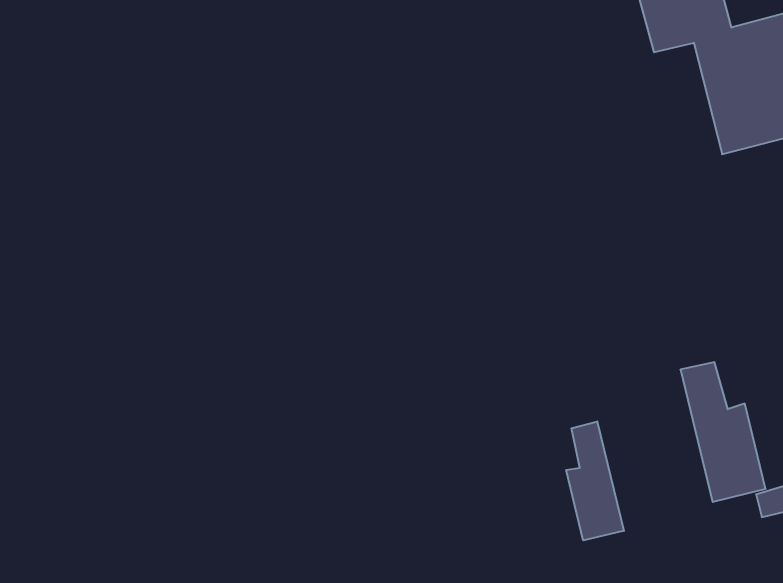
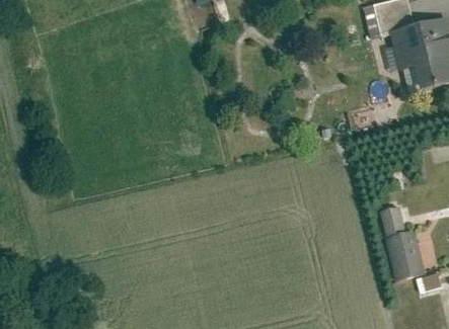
building: [566,421,624,540] -> none

